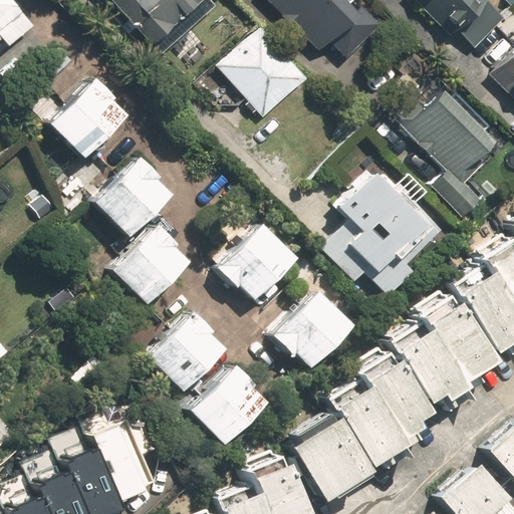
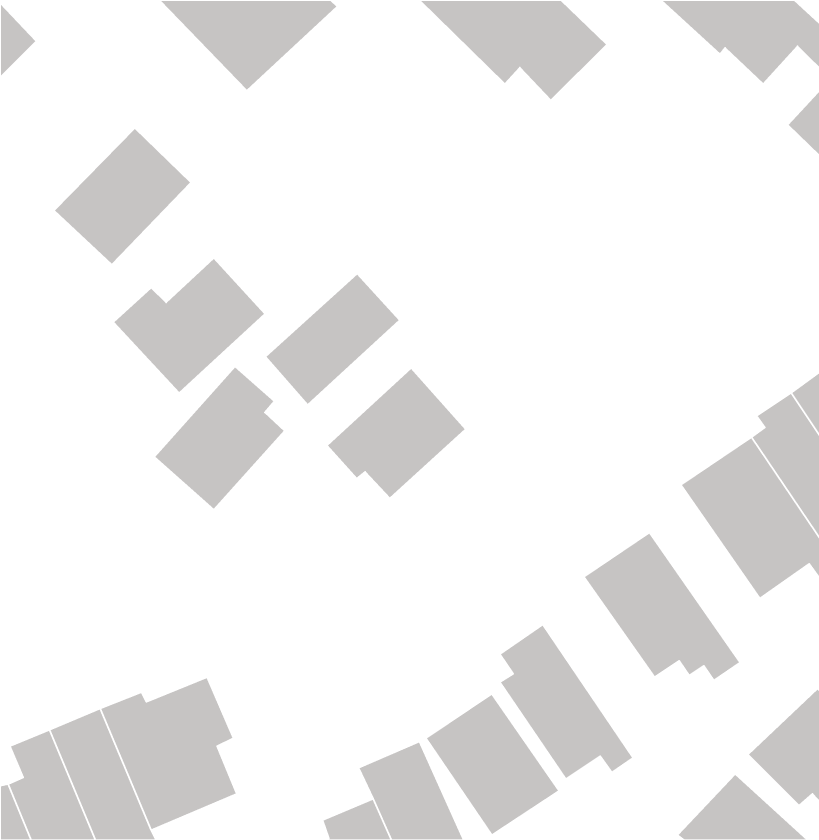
building: [221,29,309,118] -> none
building: [405,94,500,217] -> none
building: none -> [266,274,400,405]
building: [325,169,448,298] -> none
building: [268,296,347,371] -> none
building: [409,296,492,405] -> none
building: [146,311,231,396] -> none
building: [338,352,432,463] -> none
building: [184,368,267,451] -> none

